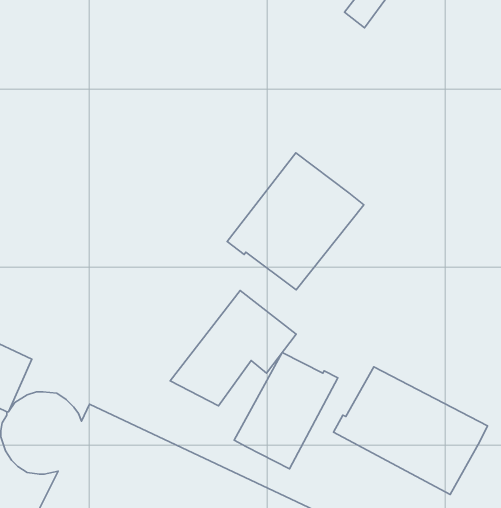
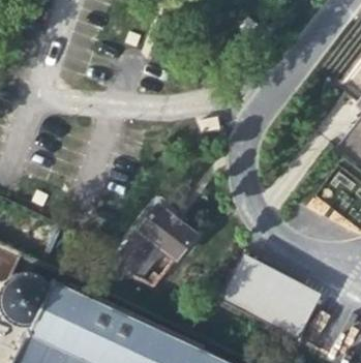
building: [227,153,364,290] -> none
building: [234,353,338,469] -> none

